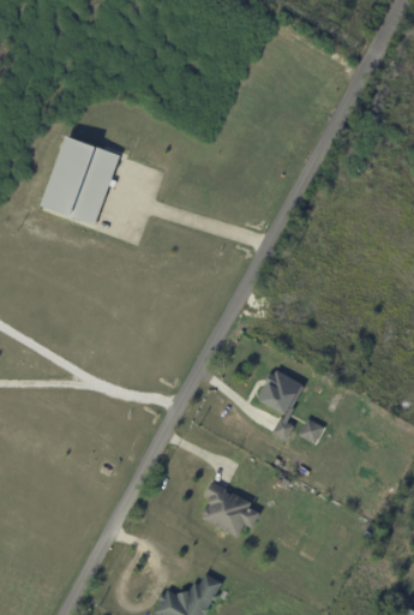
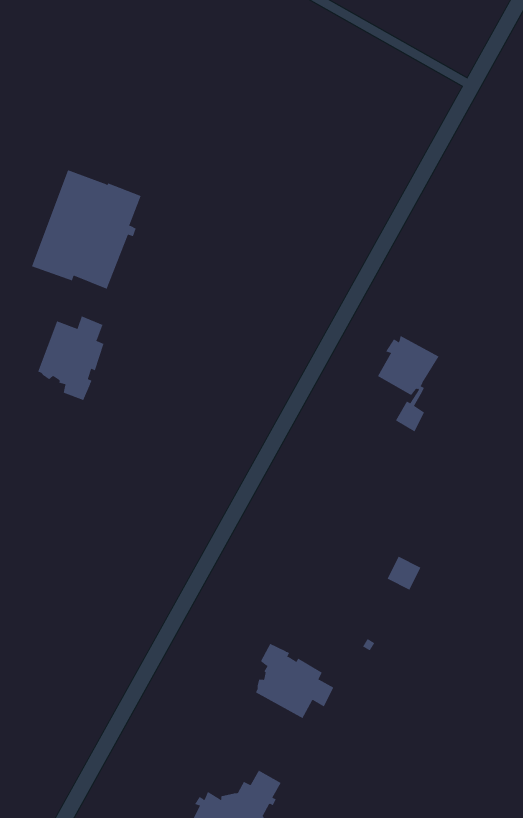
building: none -> [38,315,104,401]
building: [258,370,304,441] -> [377,335,440,432]

